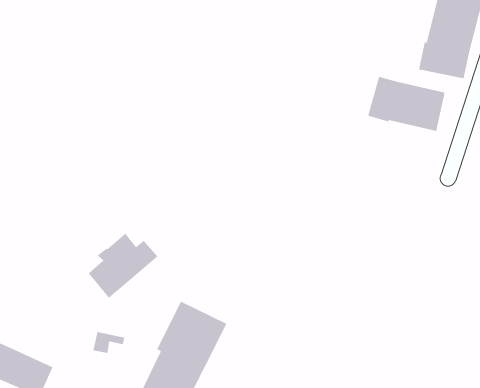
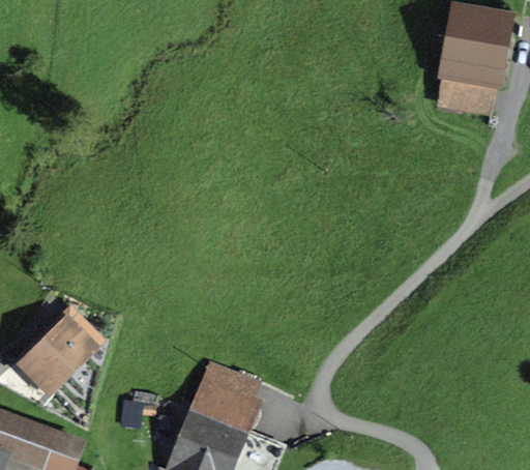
building: [367,76,445,132] -> none
building: [88,232,158,299] -> [26,316,98,386]

